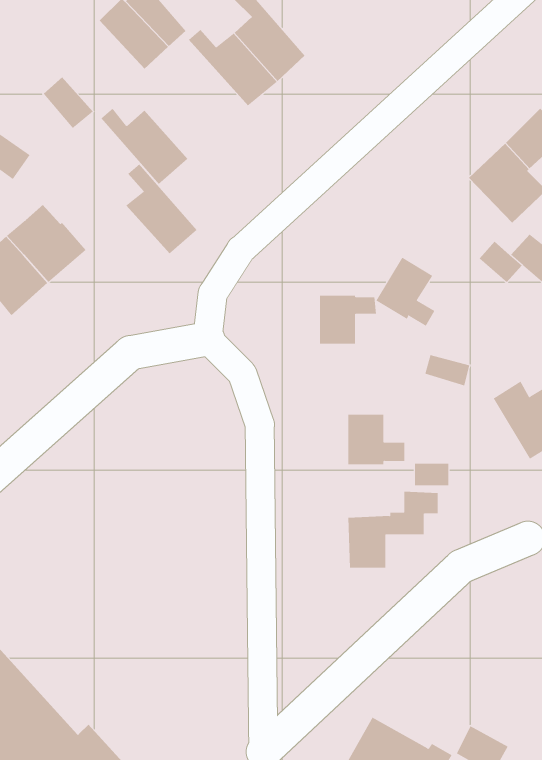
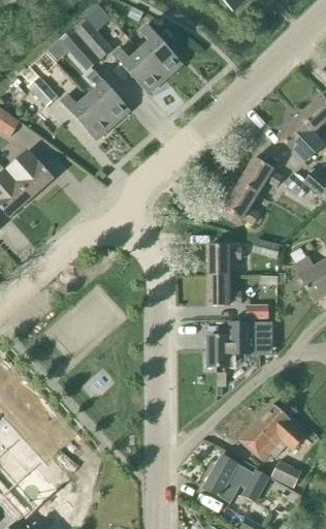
building: [126,163,197,254] -> [87,70,129,124]
building: none -> [238,157,282,193]
building: [319,295,377,344] -> [206,246,240,275]
building: none -> [239,403,305,460]

